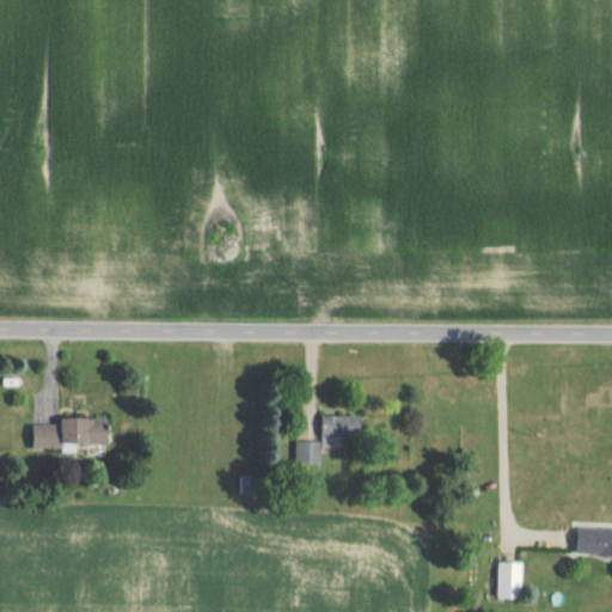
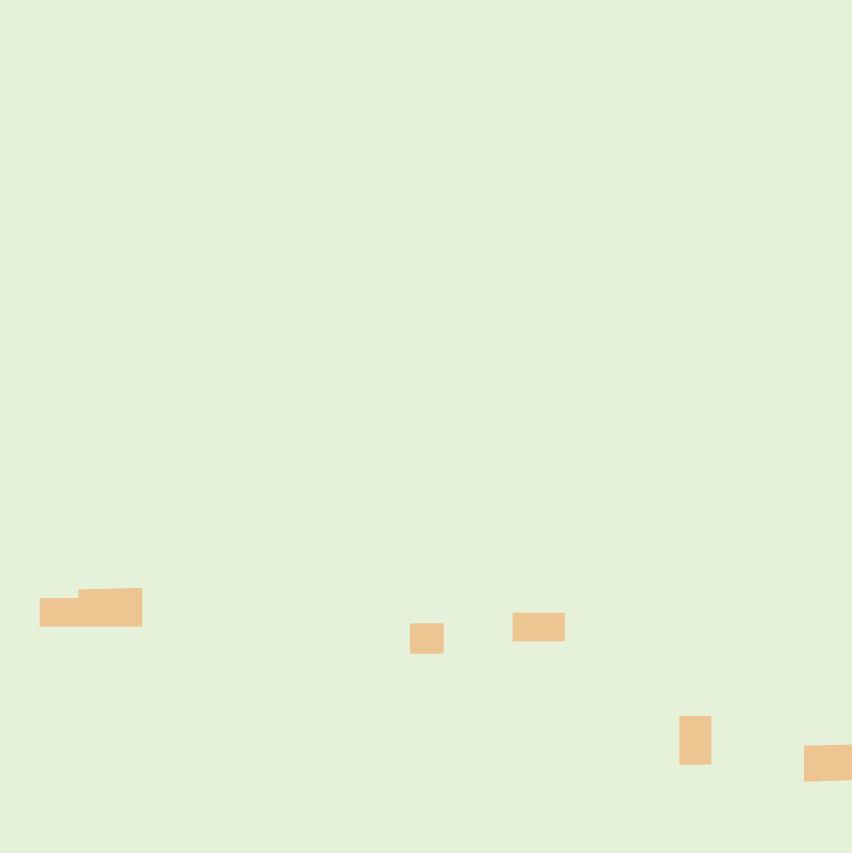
building: [323,416,361,437] -> [512,612,566,642]
building: [498,563,522,599] -> [678,715,712,766]

